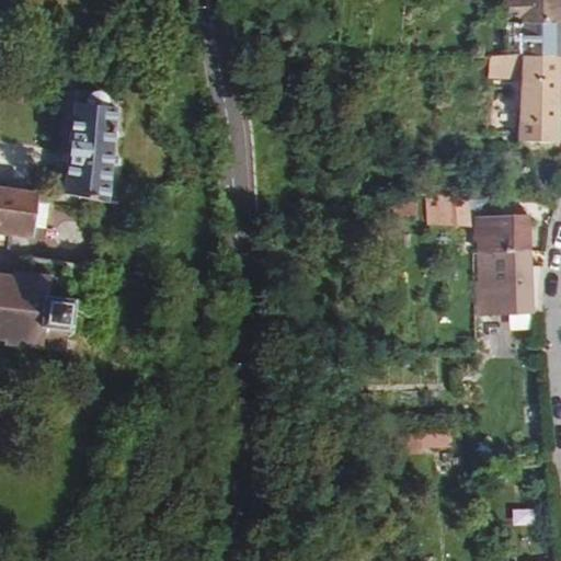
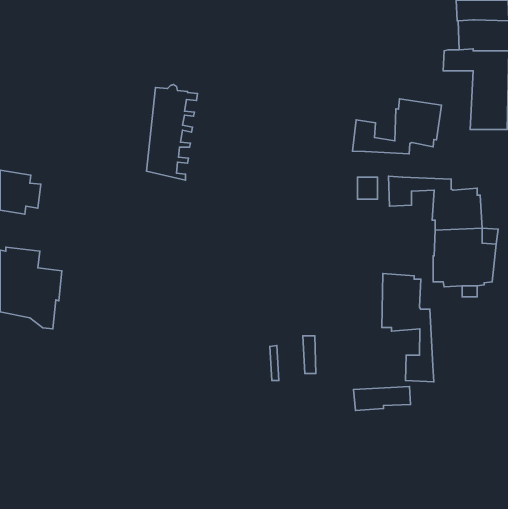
building: [61,99,117,204] -> [147,84,197,180]
building: none -> [352,99,441,154]
building: none -> [382,273,434,382]

